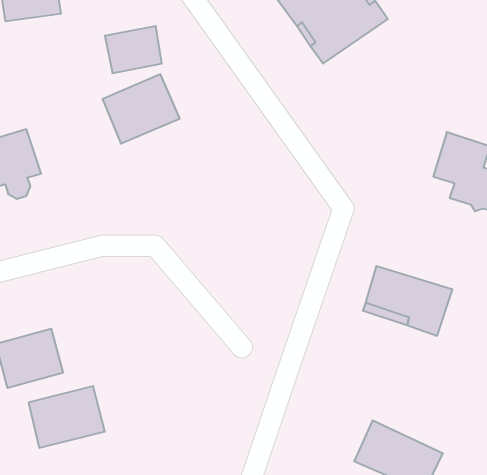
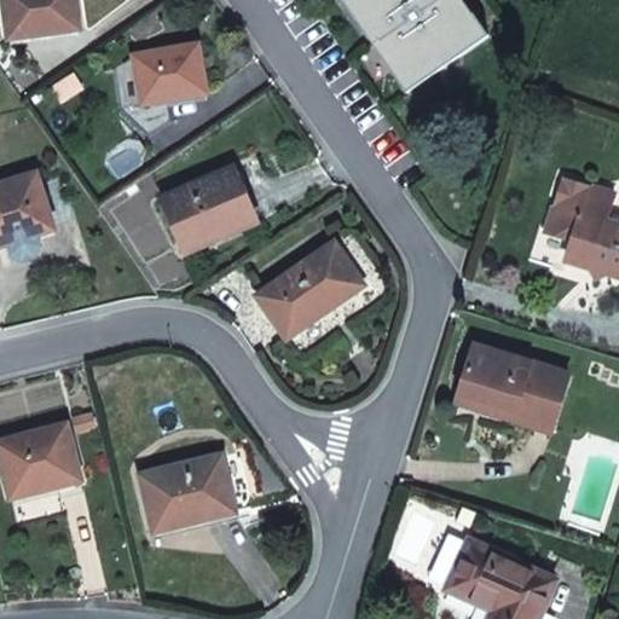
building: [102,74,180,144] -> [161,166,258,253]
building: none -> [258,243,360,336]
building: [29,386,105,448] -> [140,453,236,531]

